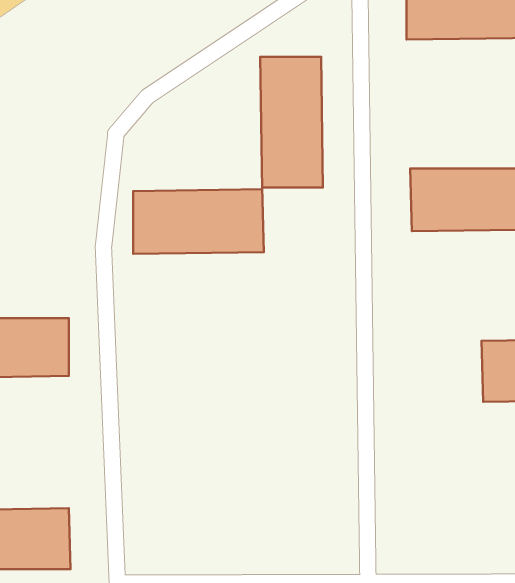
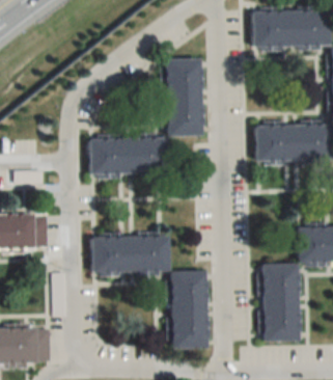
building: none -> [92,236,209,349]
building: none -> [261,264,300,342]

